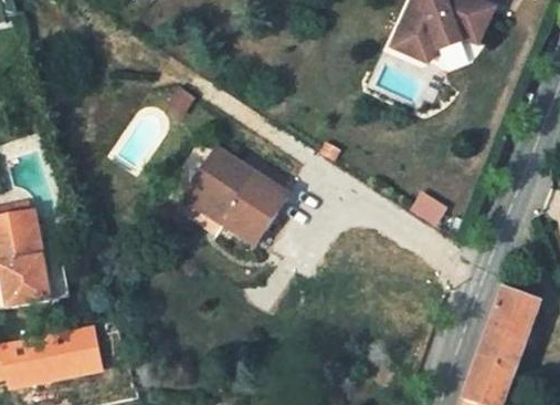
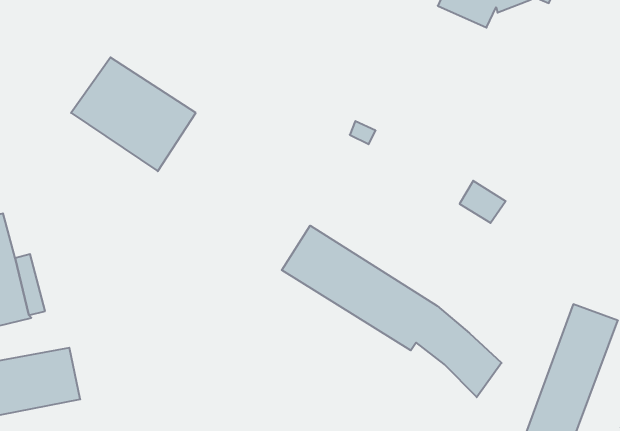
building: [188,150,289,243] -> [71,57,196,171]
building: none -> [282,226,502,397]

